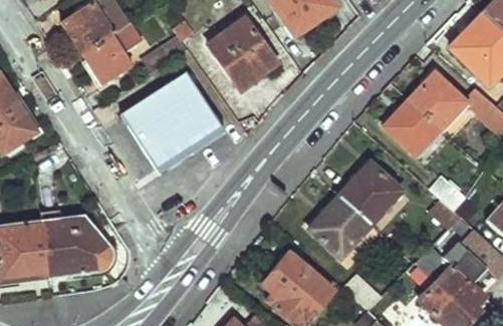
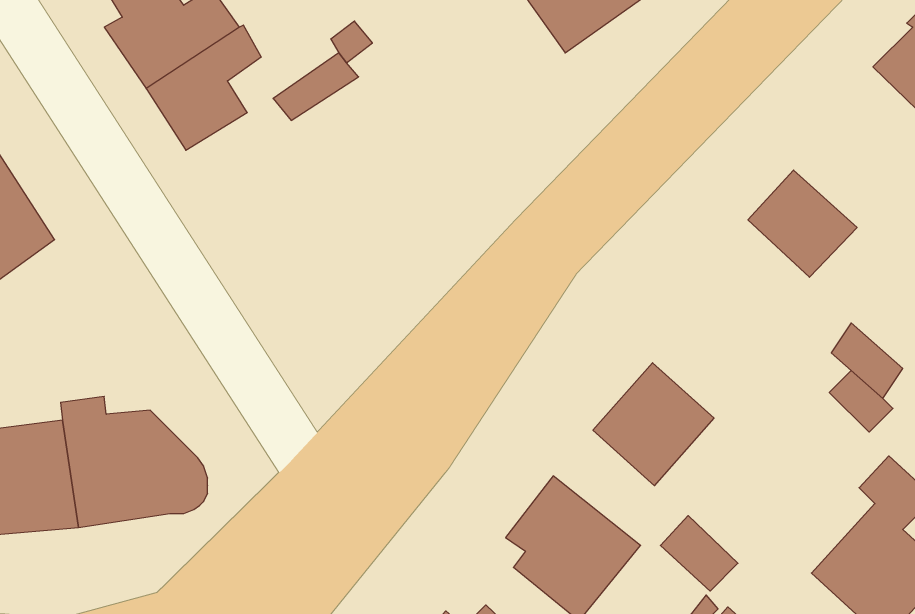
building: [212,18,278,88] -> none
building: [410,69,466,125] -> none
building: [121,75,223,175] -> none
building: [338,159,401,222] -> none

